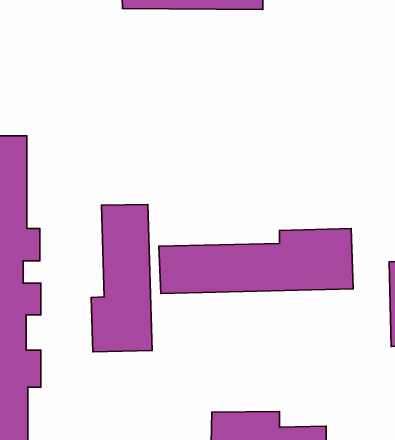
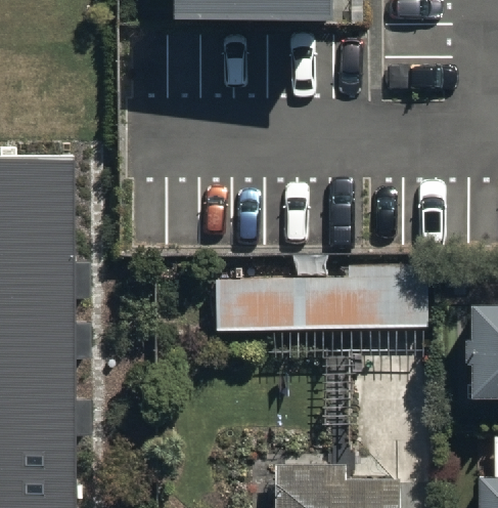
building: [91,205,152,352] -> none

